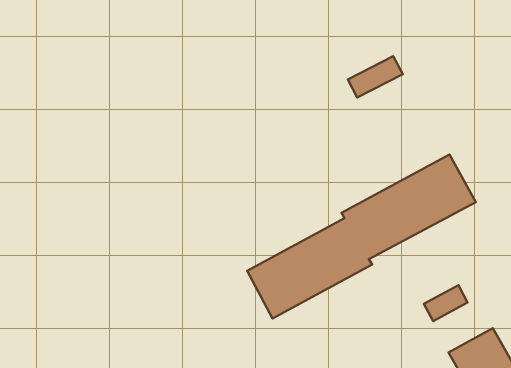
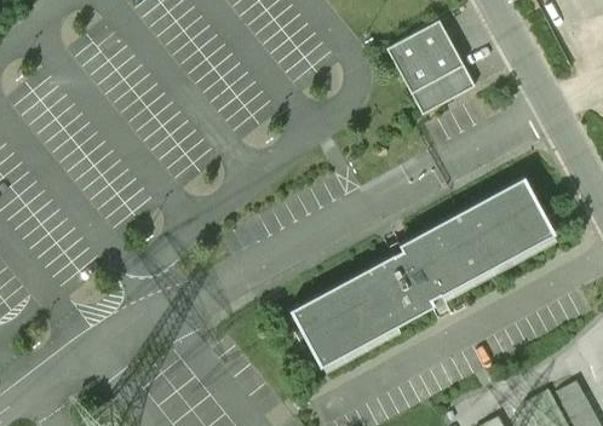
building: none -> [386,21,461,92]
building: [424,285,468,321] -> none

